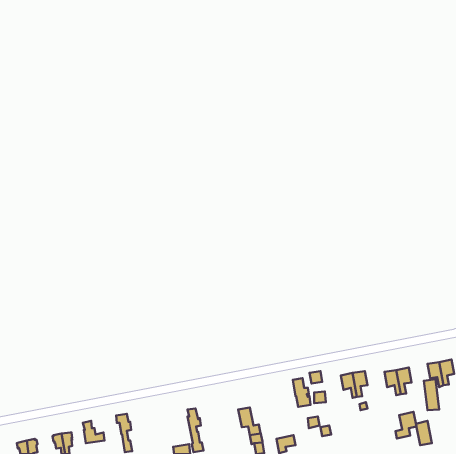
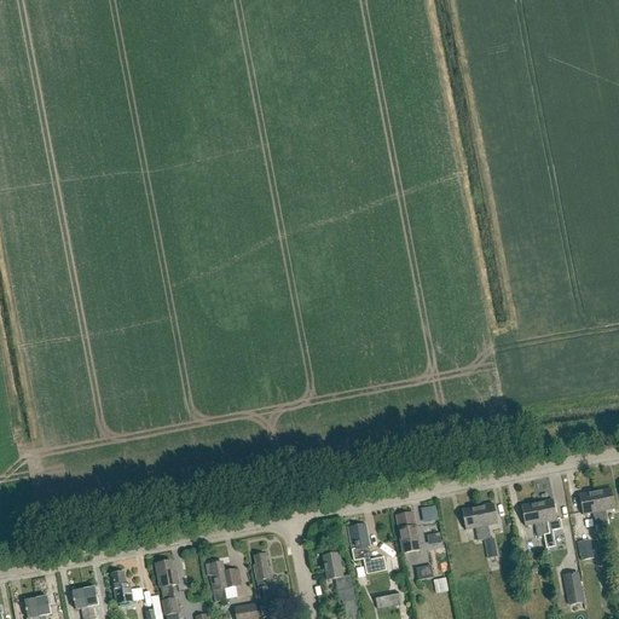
building: none -> [348,522,387,573]
building: [395,412,416,438] -> none
building: none -> [206,561,241,602]

